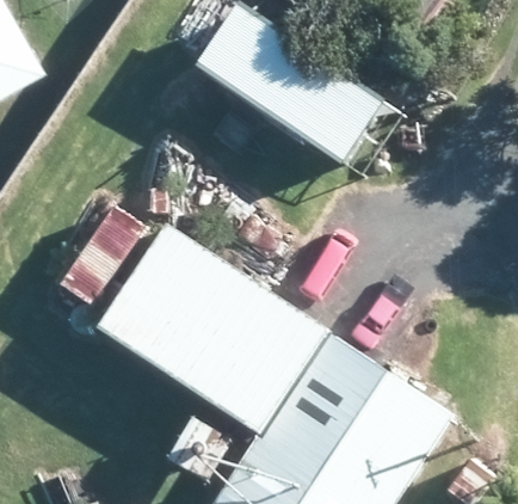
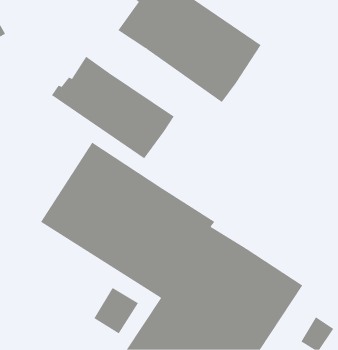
building: none -> [51,56,175,159]

